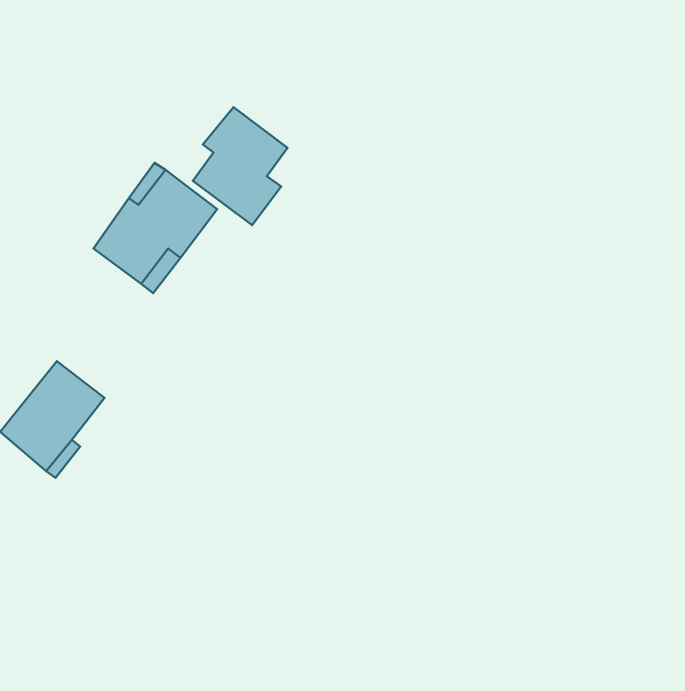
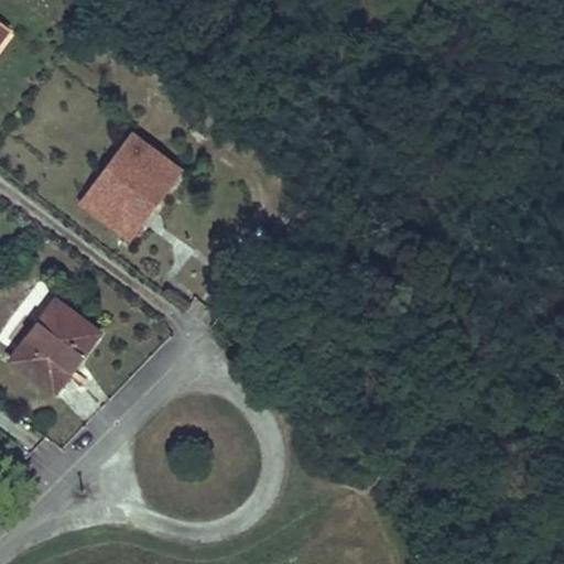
building: [193,107,287,225] -> none

